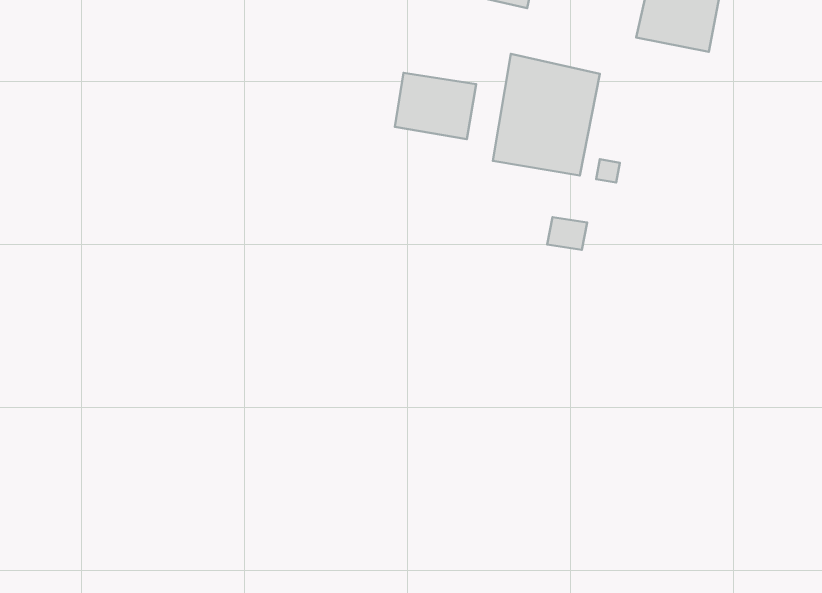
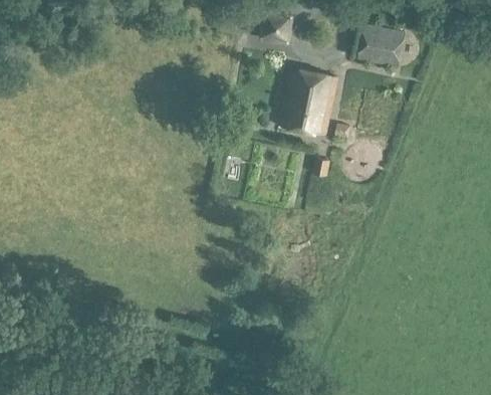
building: [395,73,476,139] -> none

